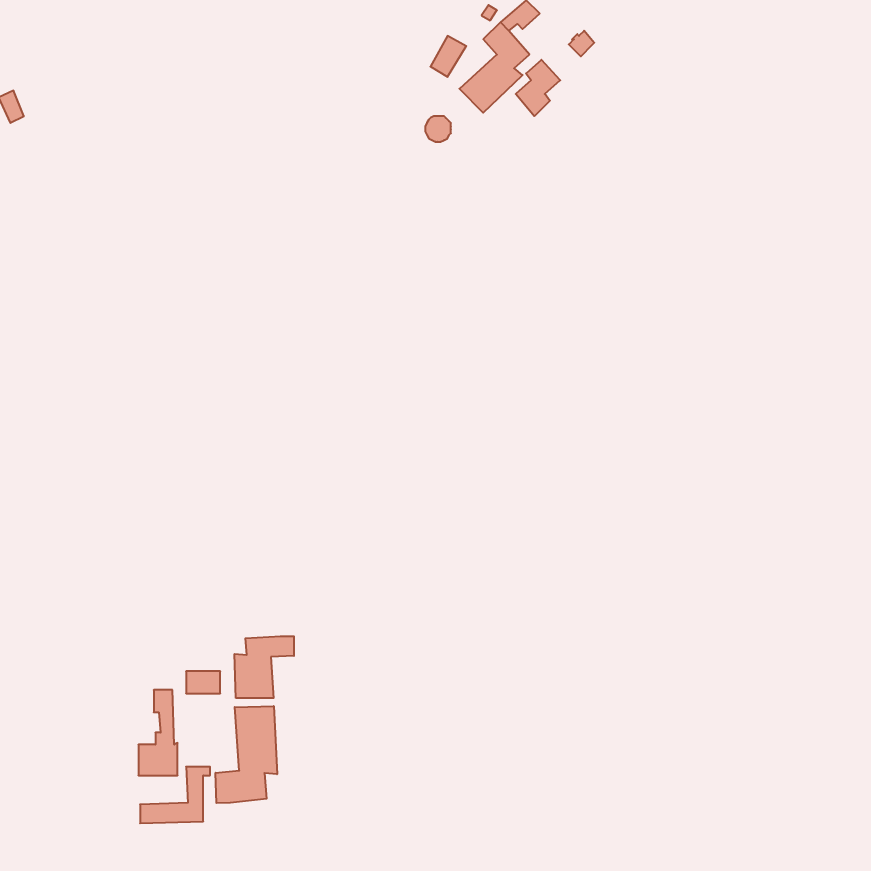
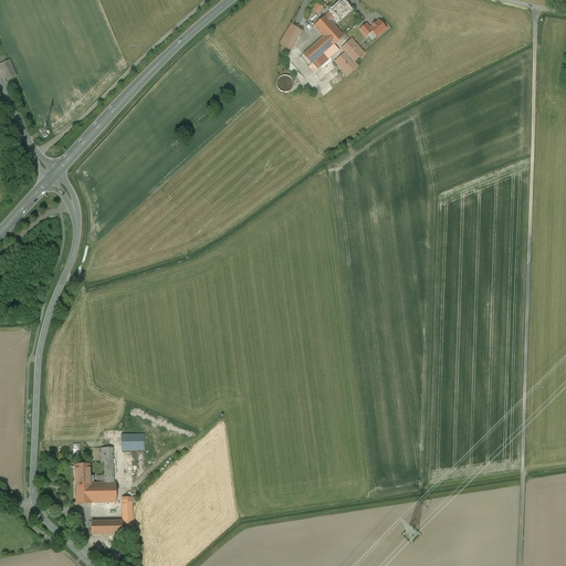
building: [235,636,294,698] -> none
building: [216,706,277,803] -> none
building: none -> [74,464,92,503]

